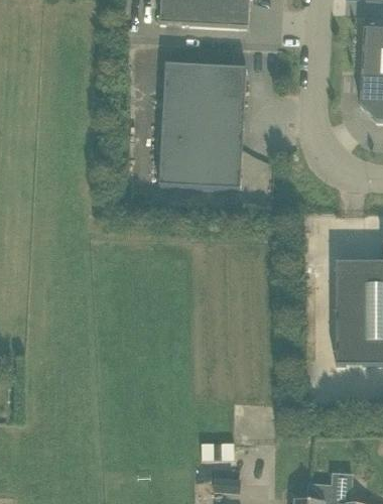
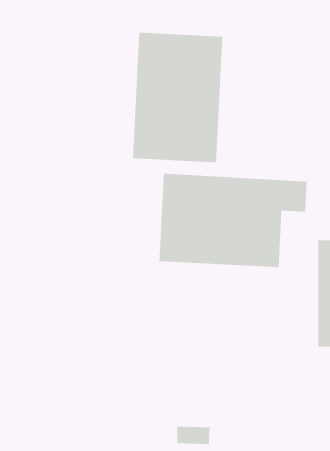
building: none -> [159,173,307,268]

